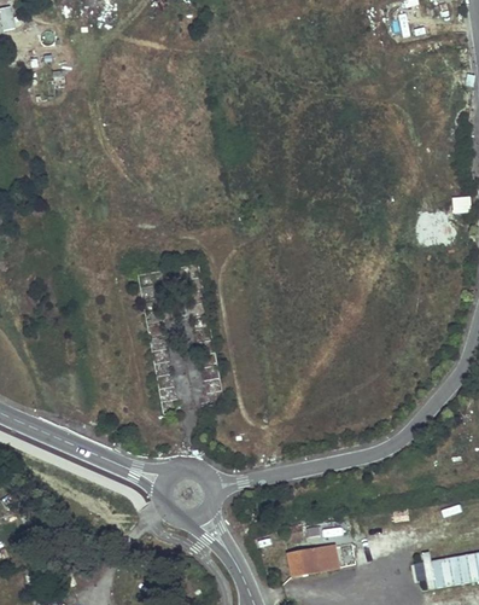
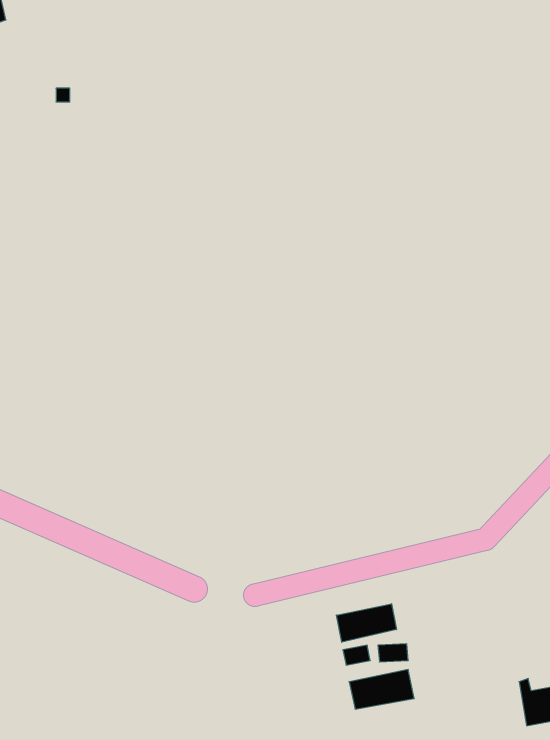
building: none -> [336,604,396,642]

